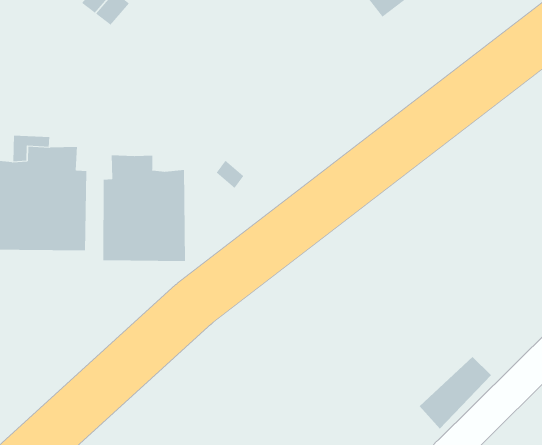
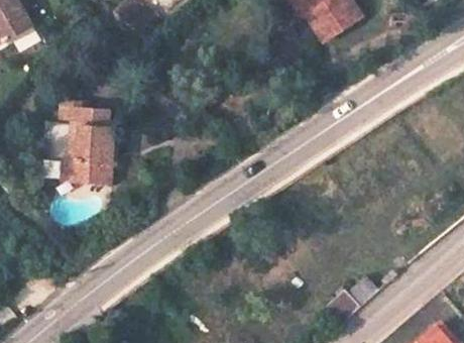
building: [103,154,186,262] -> none

